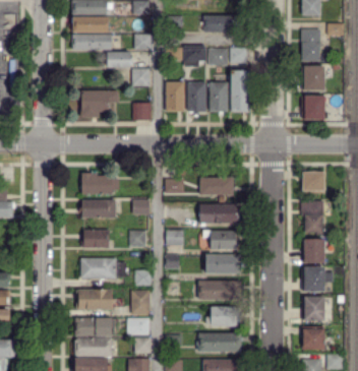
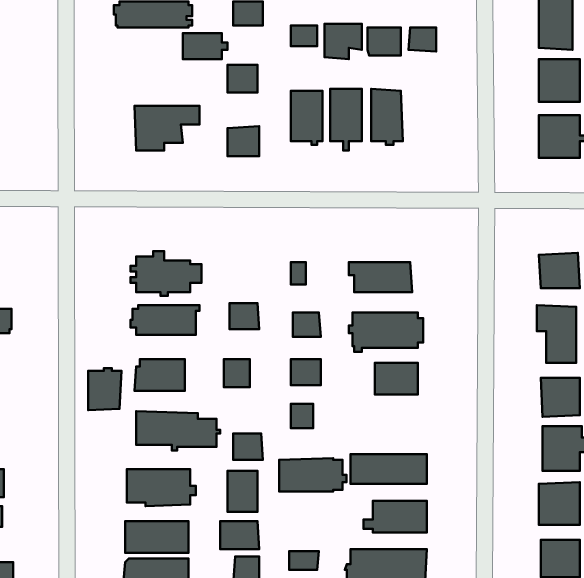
building: [232,71,249,111] -> none
building: none -> [88,368,121,410]
building: [206,254,243,272] -> [279,458,346,492]

